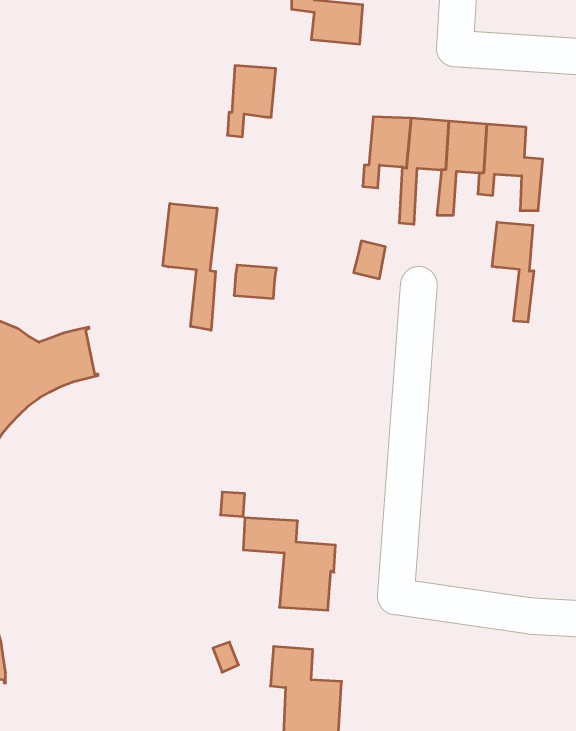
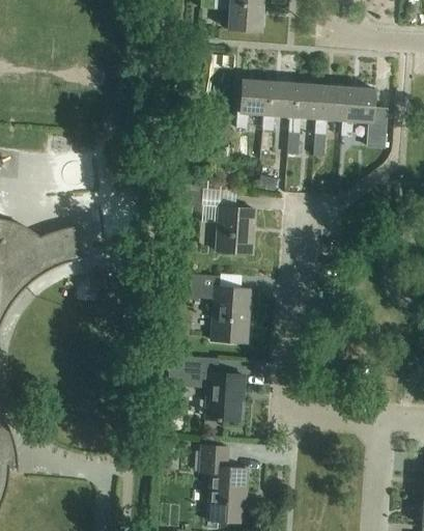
building: [227,66,276,137] -> [236,79,270,128]
building: [163,203,217,330] -> none
building: [492,222,534,322] -> none
building: none -> [215,206,255,253]
building: none -> [165,272,250,342]

